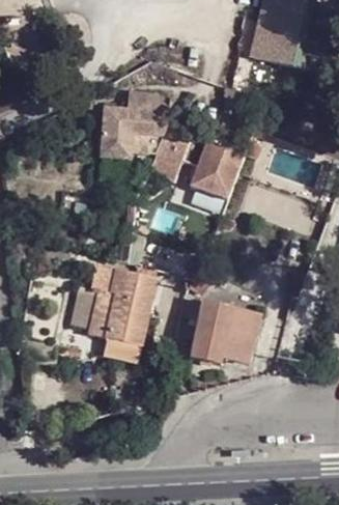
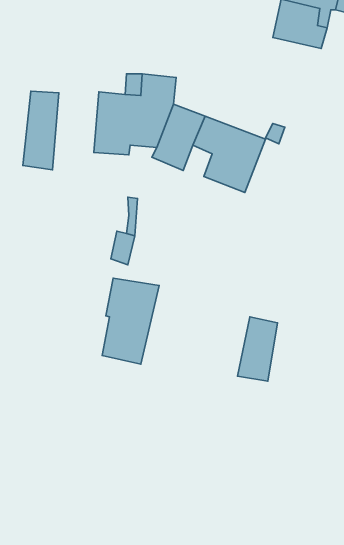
building: none -> [23,91,59,170]
building: [81,265,117,338] -> none
building: [193,300,234,364] -> none

